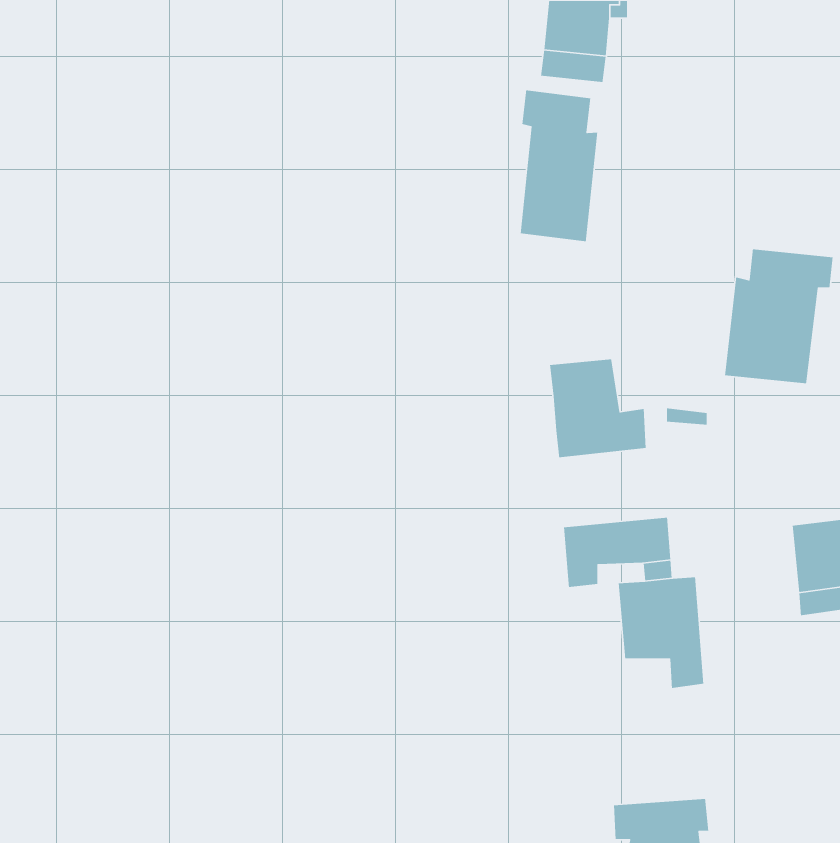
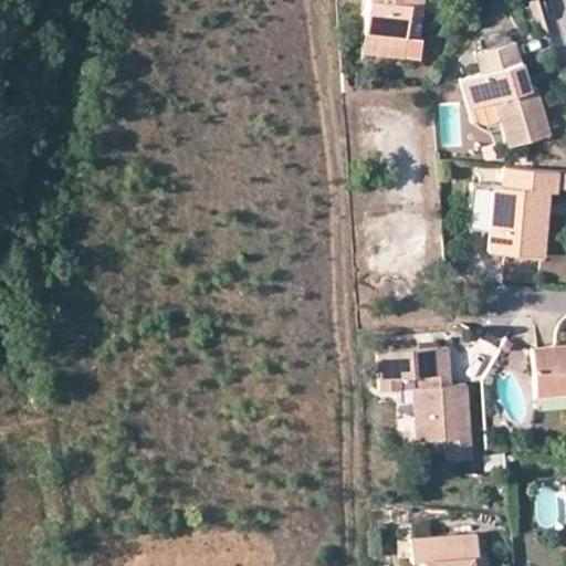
building: none -> [462,43,552,147]
building: [520,90,598,242] -> none
building: [549,358,646,458] -> none

